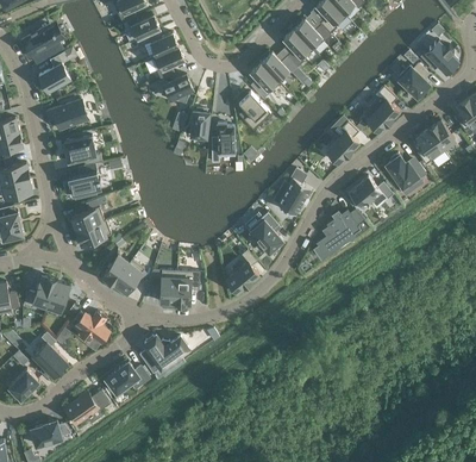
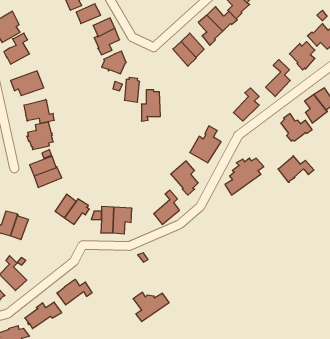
building: [238,93,270,130] -> none
building: [347,176,393,210] -> [278,156,314,182]
building: [67,312,108,343] -> none
building: [143,336,188,373] -> [133,292,169,322]

